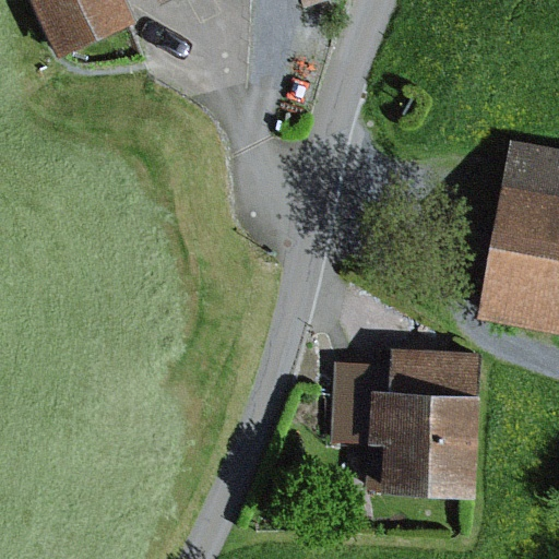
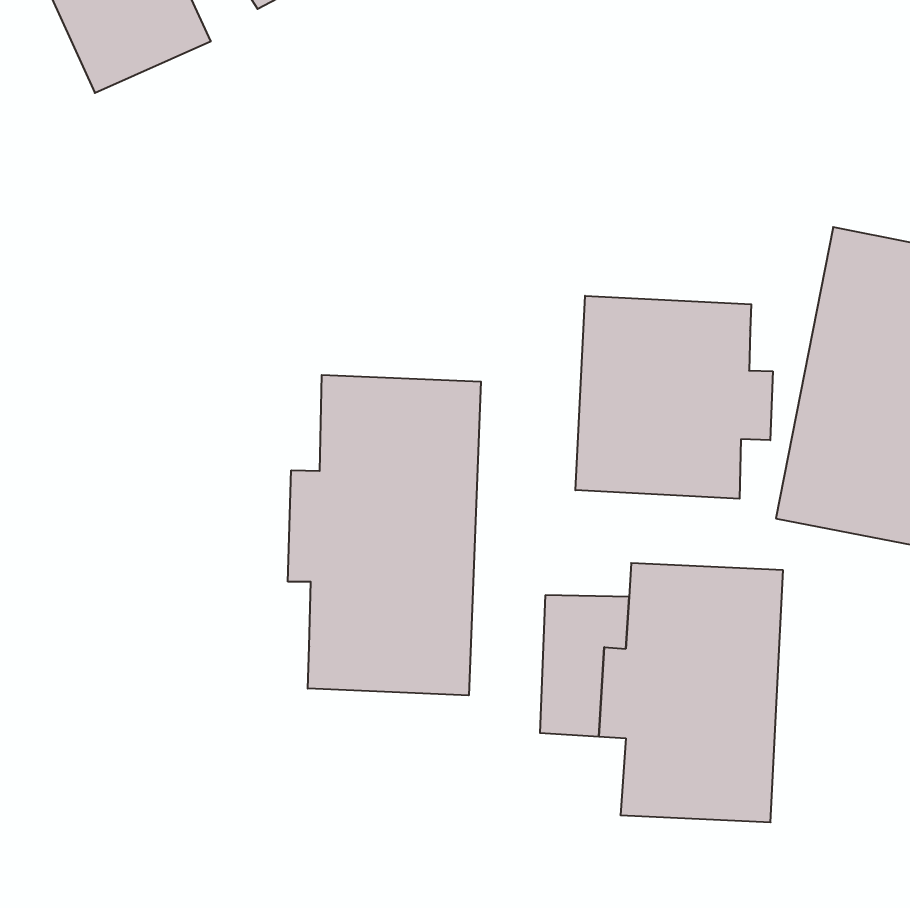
building: none -> [575,296,773,499]
building: none -> [288,375,481,695]

